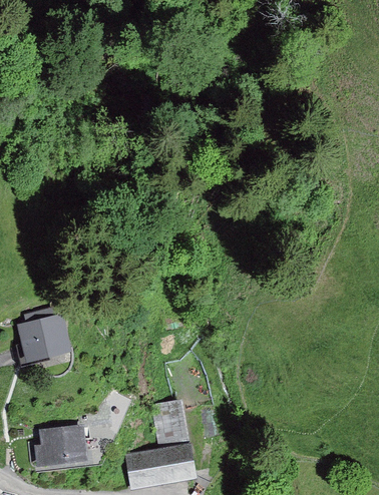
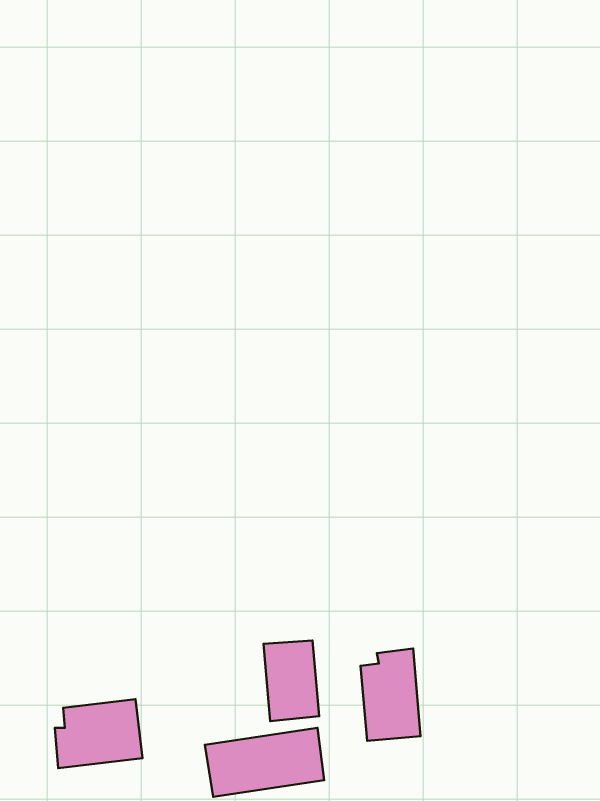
building: [14,315,71,365] -> none
building: none -> [361,649,421,741]

